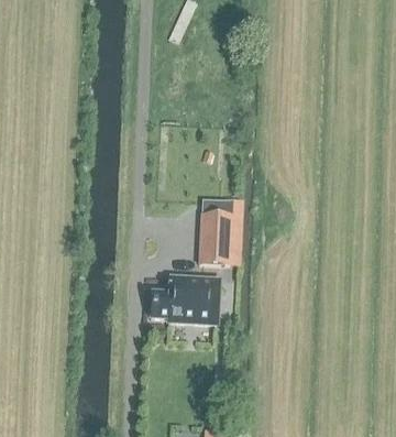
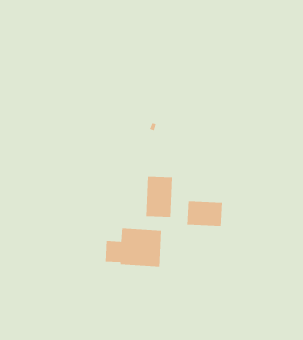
building: none -> [187,201,222,227]

